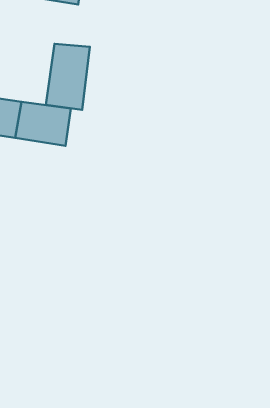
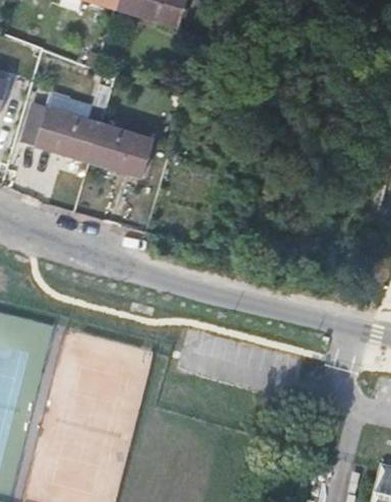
building: [46,44,90,110] -> none

